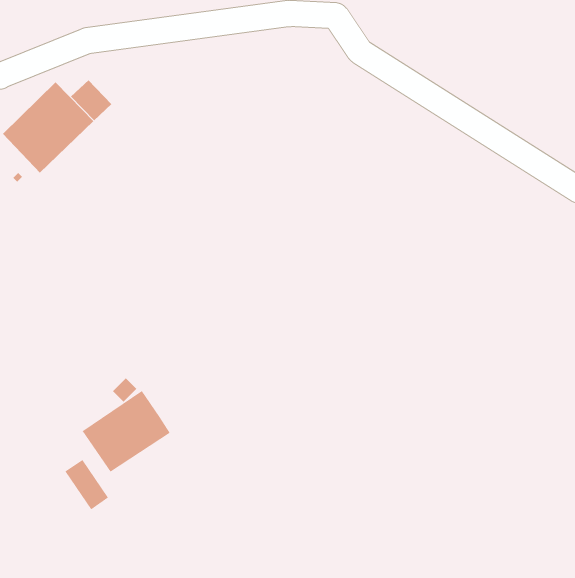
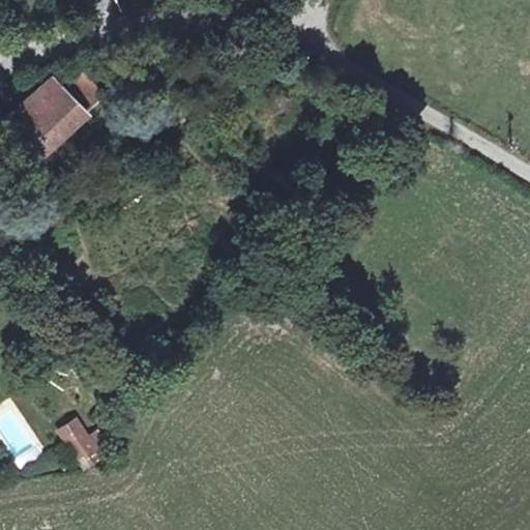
building: [82,390,170,473] -> none

